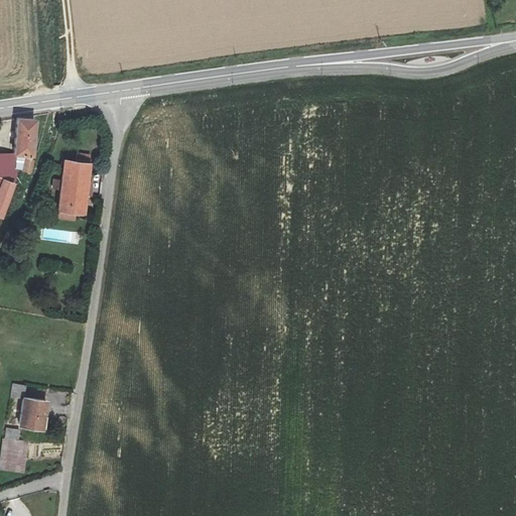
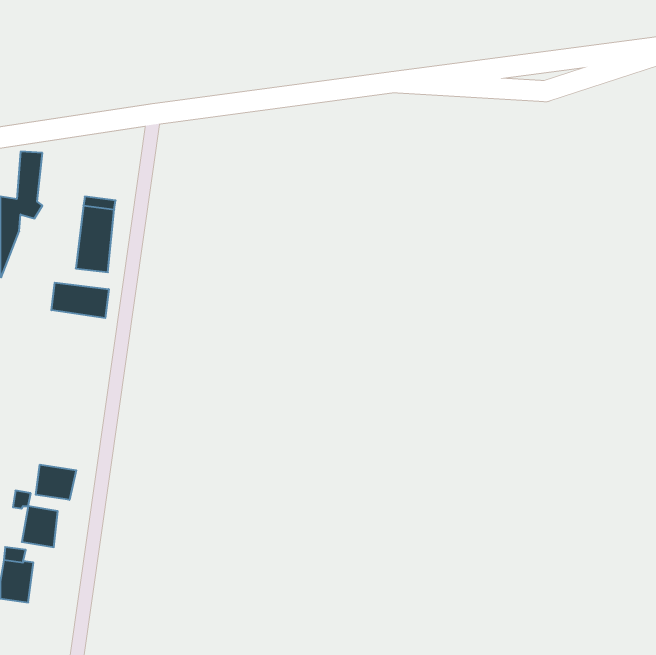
building: none -> [51,283,109,318]
building: none -> [36,465,76,500]

